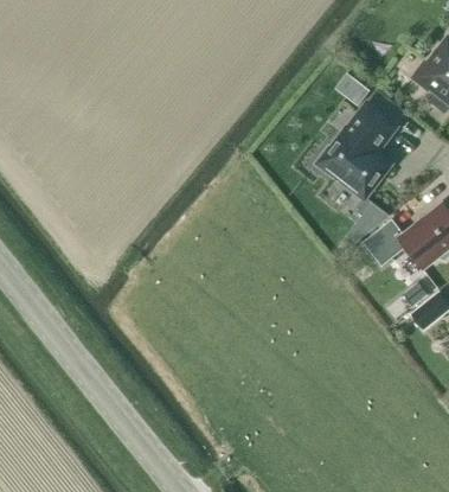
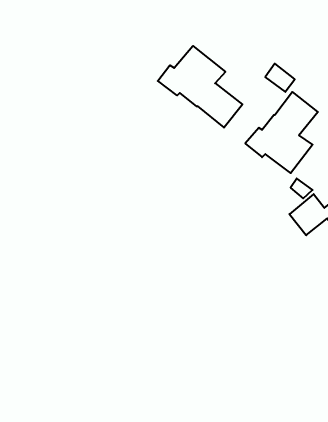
building: none -> [158,46,242,128]

